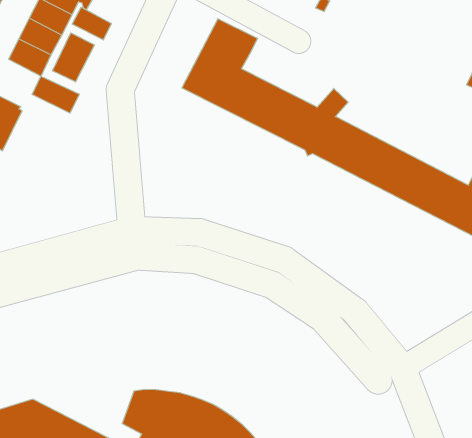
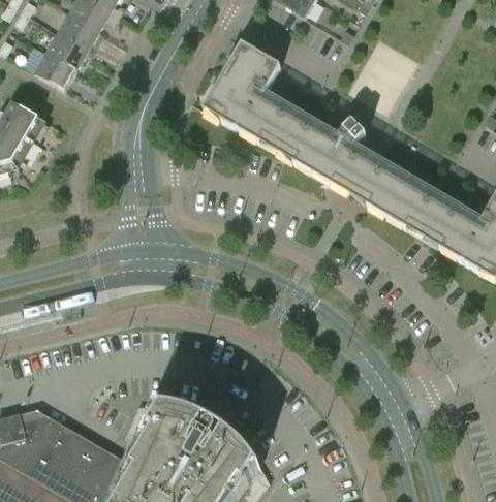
building: [72,7,111,40] -> none
building: [53,33,95,82] -> none
building: [32,76,79,113] -> none

